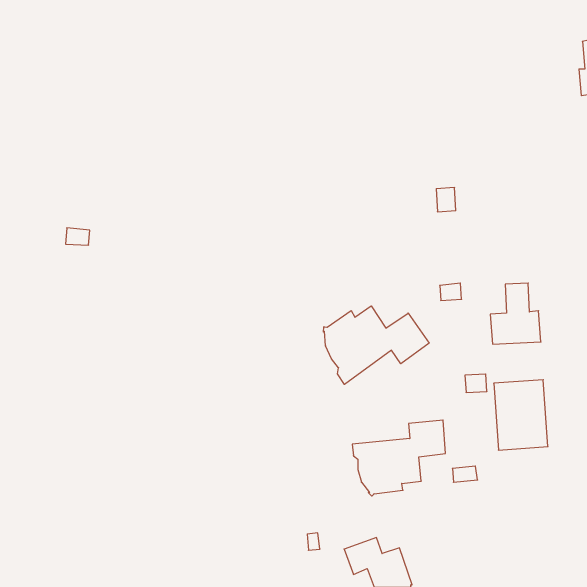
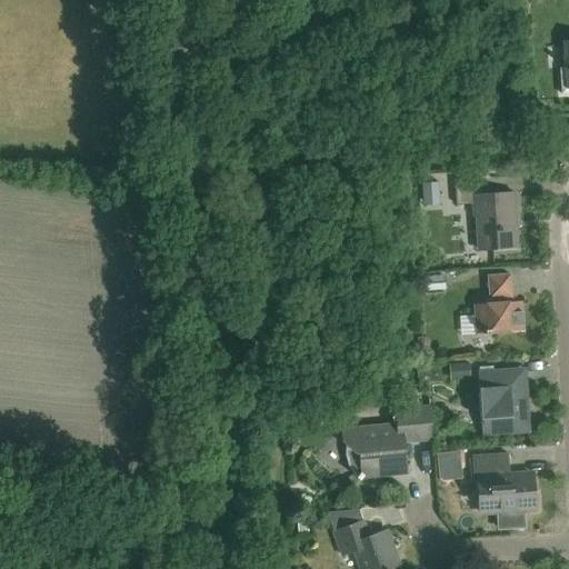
building: none -> [456,178,516,249]
building: [324,306,429,384] -> none
building: none -> [473,451,536,527]

